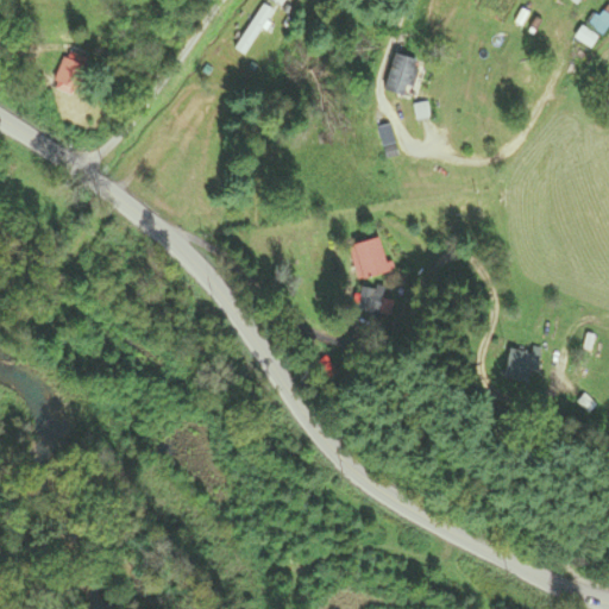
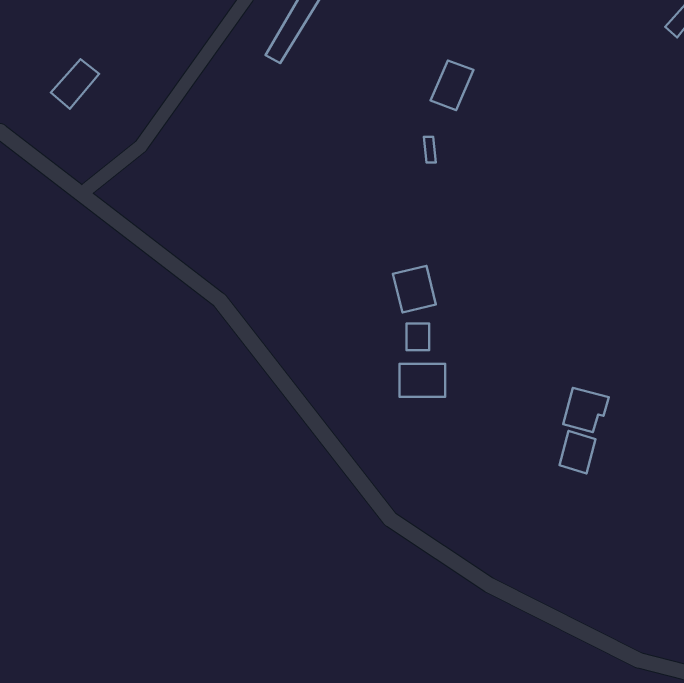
building: none -> [400,364,445,397]
building: none -> [559,431,595,474]

